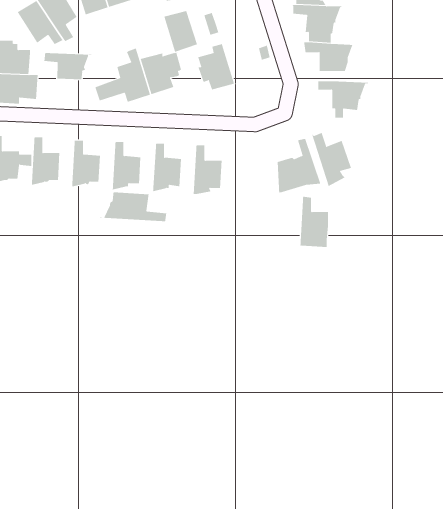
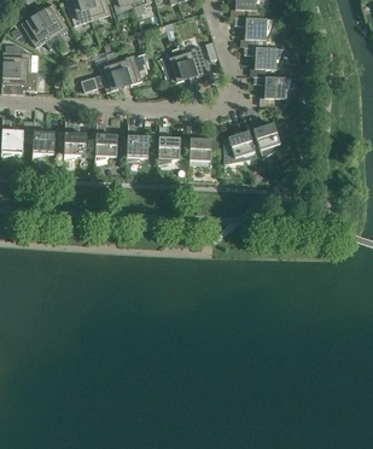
building: [164,10,198,52] -> [181,46,208,78]
building: [42,52,92,80] -> none
building: [100,192,168,222] -> none
building: [299,194,329,248] -> [188,126,211,167]

